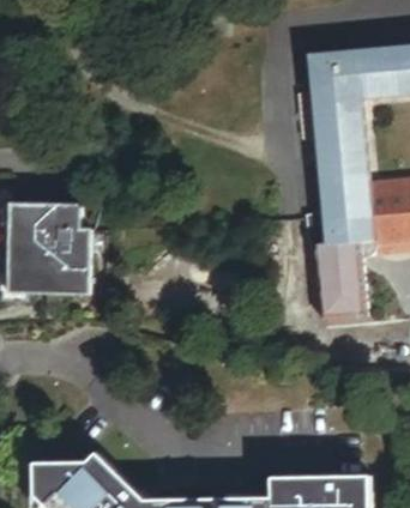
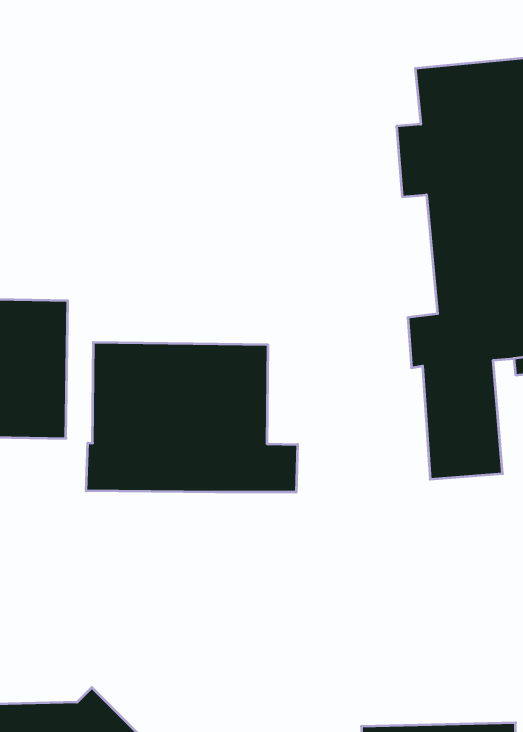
building: none -> [86,342,298,492]

